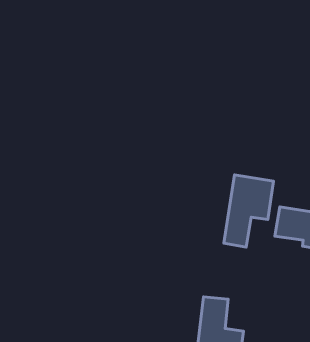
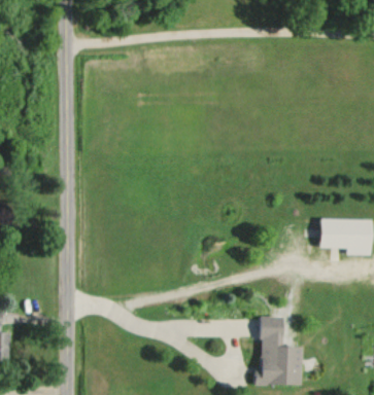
building: [224,175,273,247] -> none

